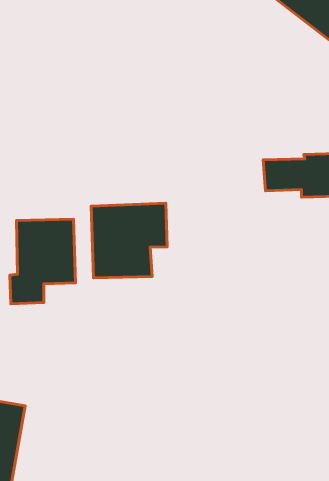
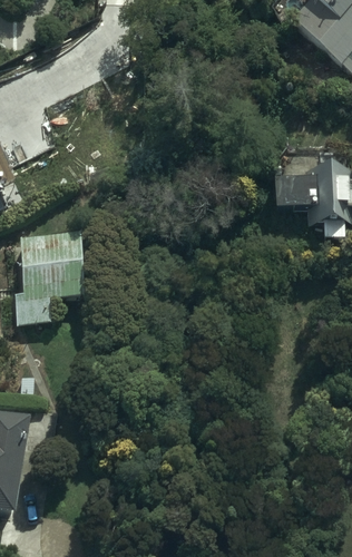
building: [91,203,167,278] -> none

